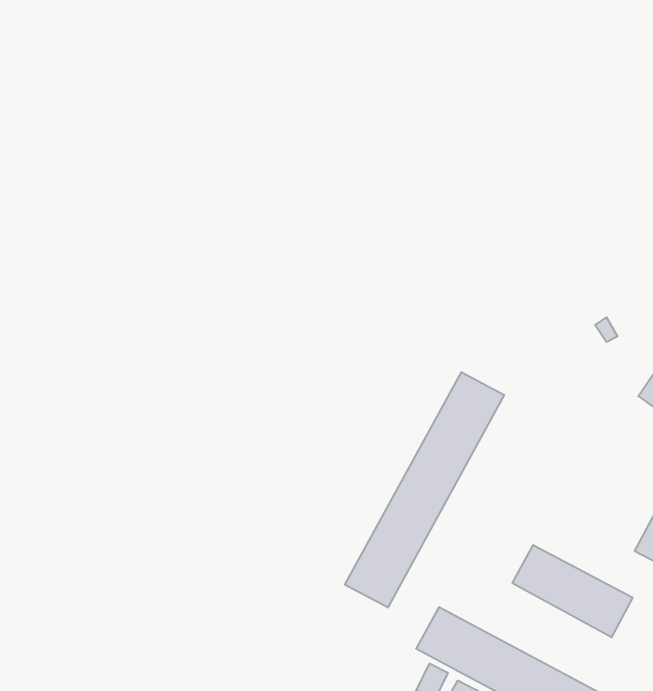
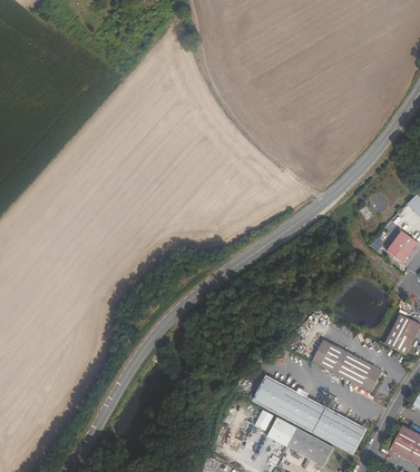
building: [345,372,504,608] -> none

